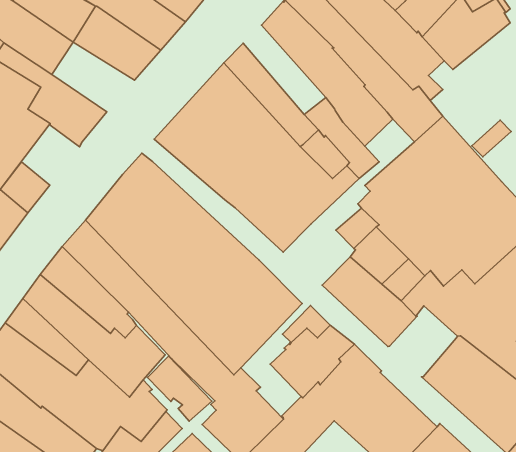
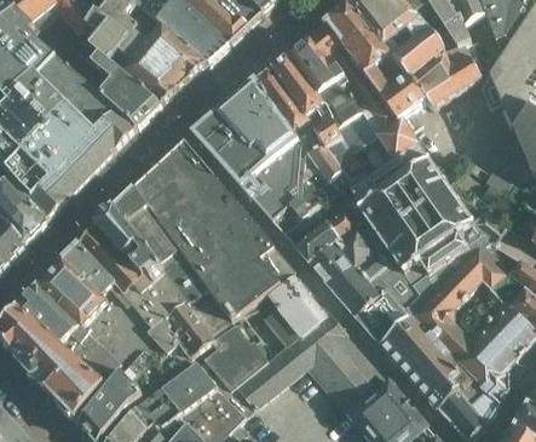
building: none -> [271,53,329,127]
building: none -> [121,50,184,107]
building: none -> [90,110,136,157]
building: none -> [293,219,338,260]
building: none -> [355,286,408,340]

